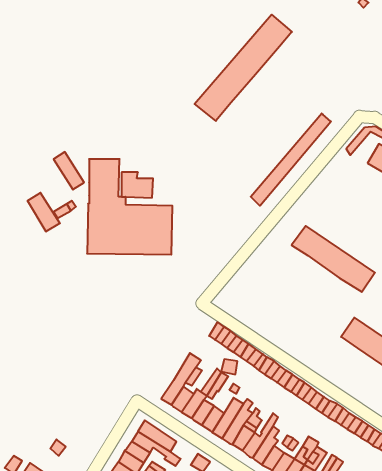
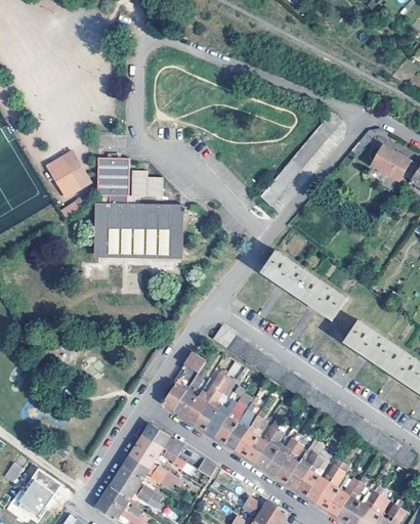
building: [195,15,292,121] -> none
building: [27,193,60,231] -> [44,162,77,201]
building: [292,226,375,292] -> [264,252,348,318]

